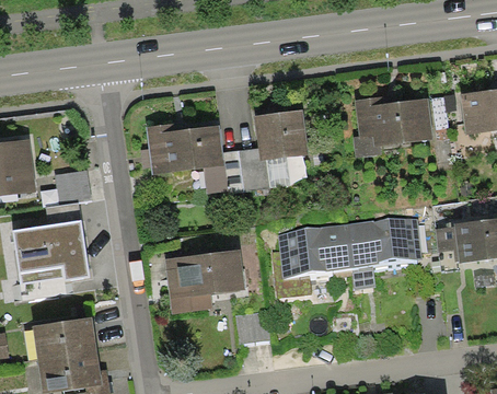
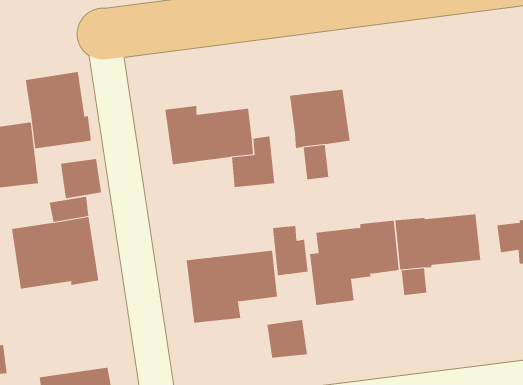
building: none -> [25,71,91,149]
building: [352,96,432,159] -> none
building: [238,148,269,192] -> [272,225,309,276]
building: [32,317,96,360] -> none

